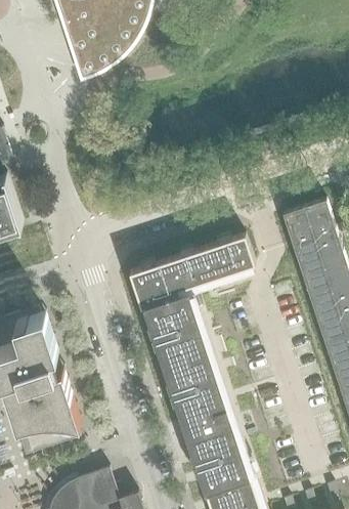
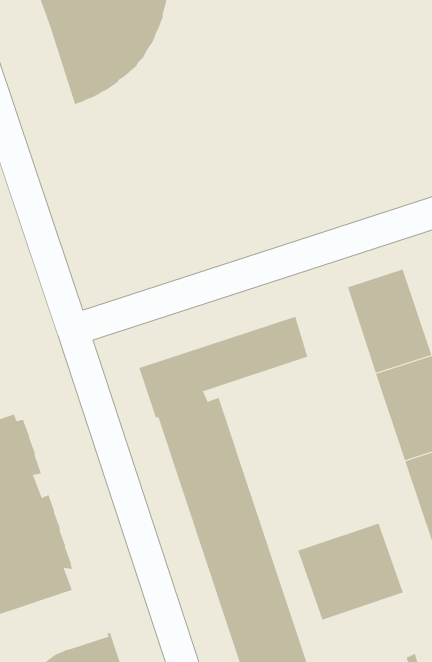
building: none -> [298,523,403,620]

